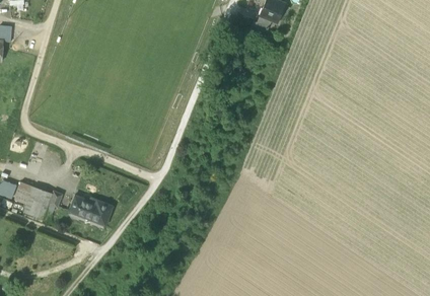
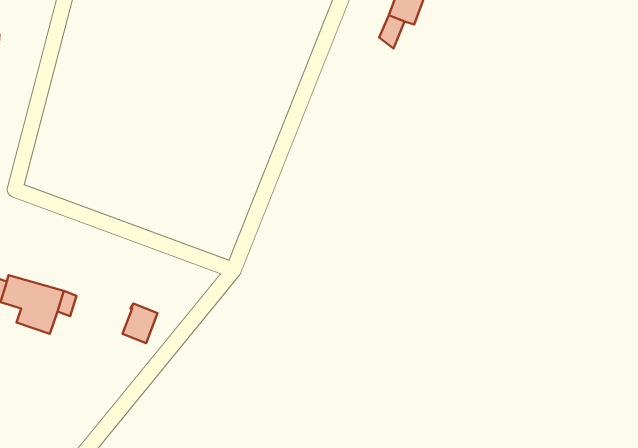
building: [68,195,96,219] -> none

